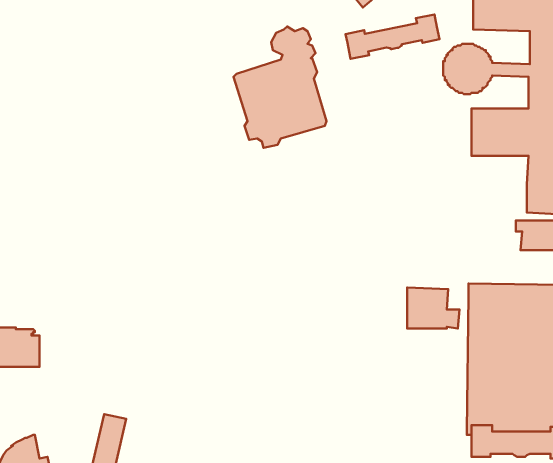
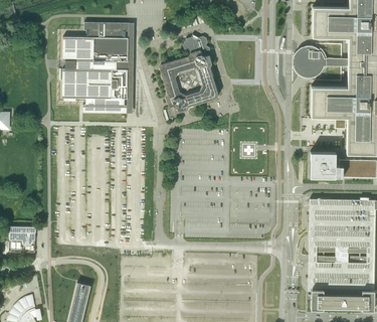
building: none -> [63,22,129,113]
building: [346,14,439,59] -> none
building: [407,287,459,328] -> [311,151,344,177]

